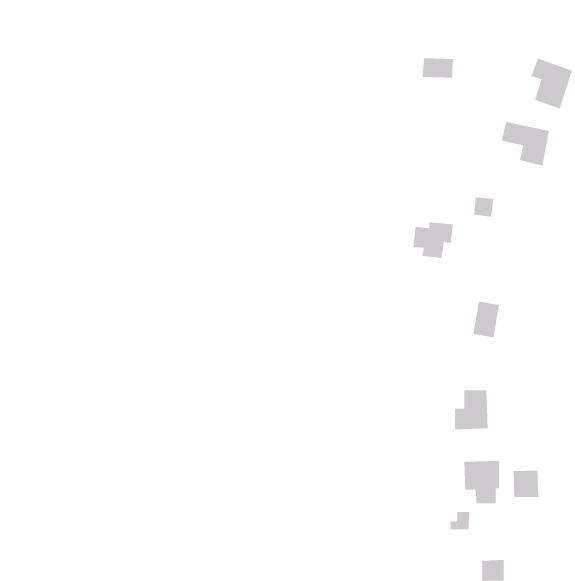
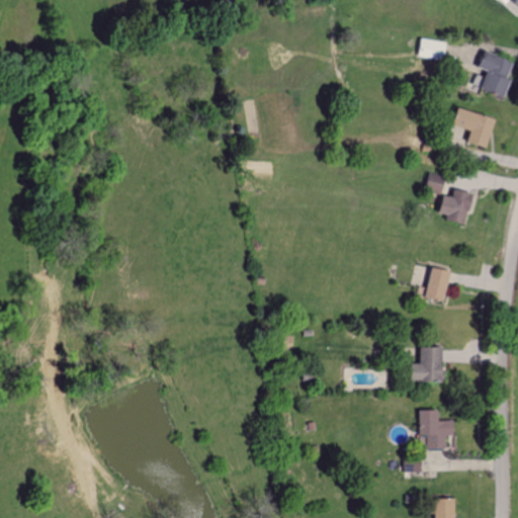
building: [422,58,454,78] -> [420,39,448,58]
building: [413,222,454,258] -> [439,191,476,224]
building: [513,470,539,498] -> none

